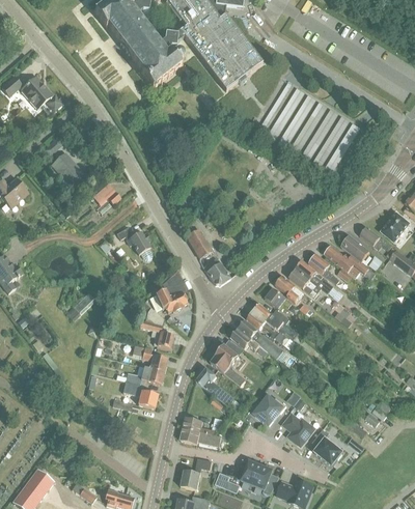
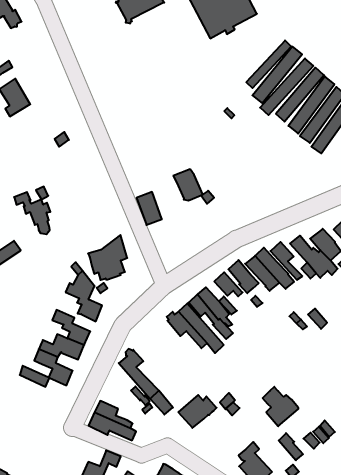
building: [116,226,151,259] -> [14,192,50,234]
building: [201,257,229,284] -> [173,169,203,200]
building: [210,338,244,386] -> none
building: [282,413,314,446] -> [263,387,298,426]

